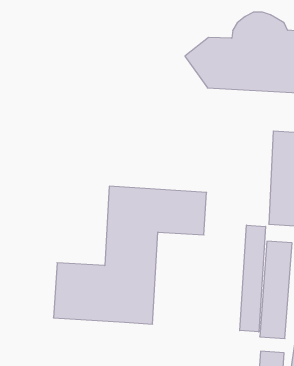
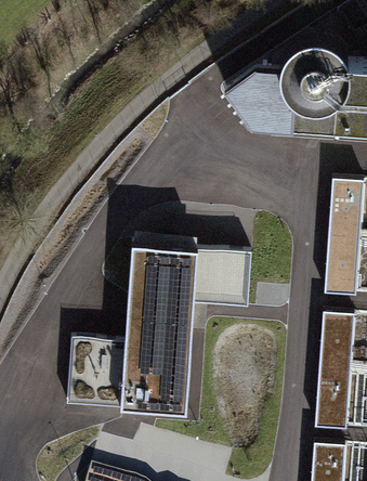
building: [240,225,266,332] -> none

